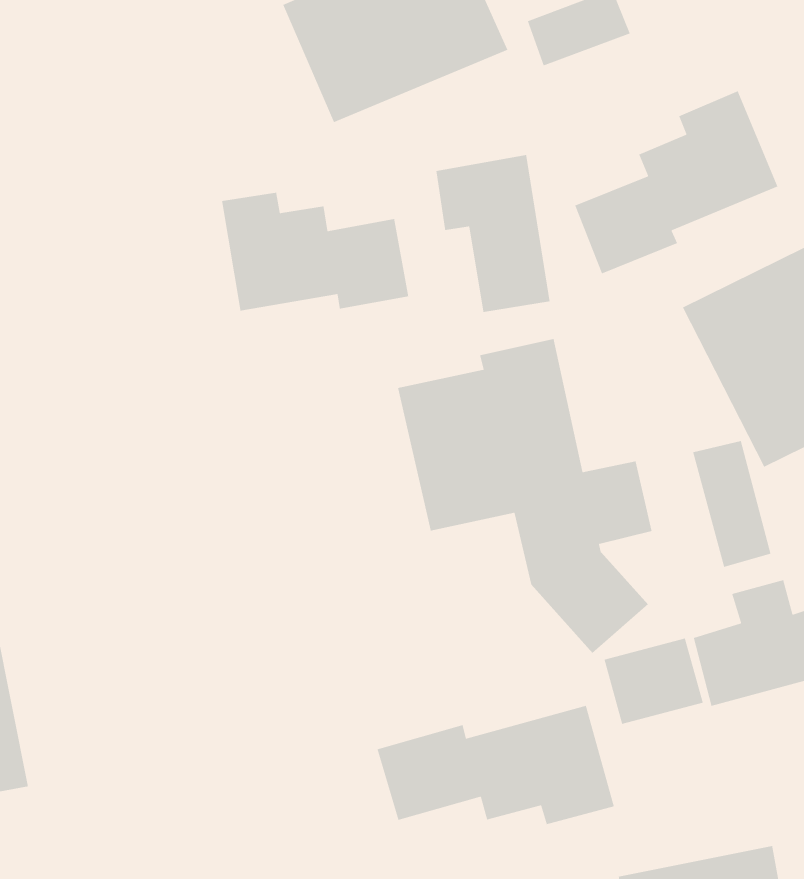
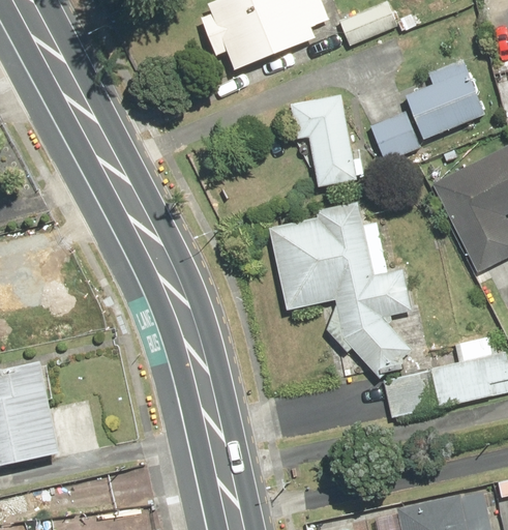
building: [221,192,409,312] -> none
building: [692,440,771,568] -> none
building: [377,705,615,825] -> none

